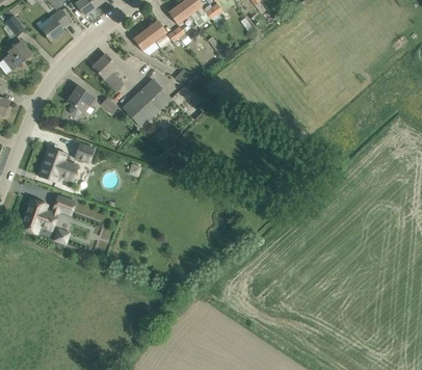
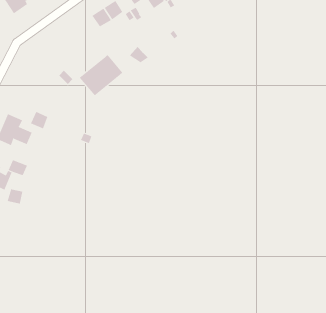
building: [93,54,124,90] -> none
building: [68,86,96,115] -> none

